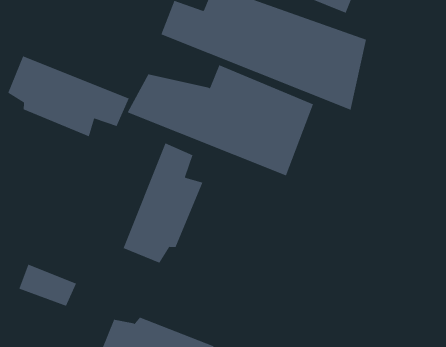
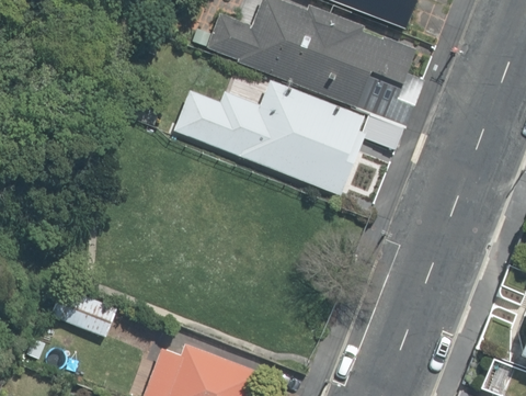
building: [7,56,130,137] -> none
building: [123,143,203,264] -> none

